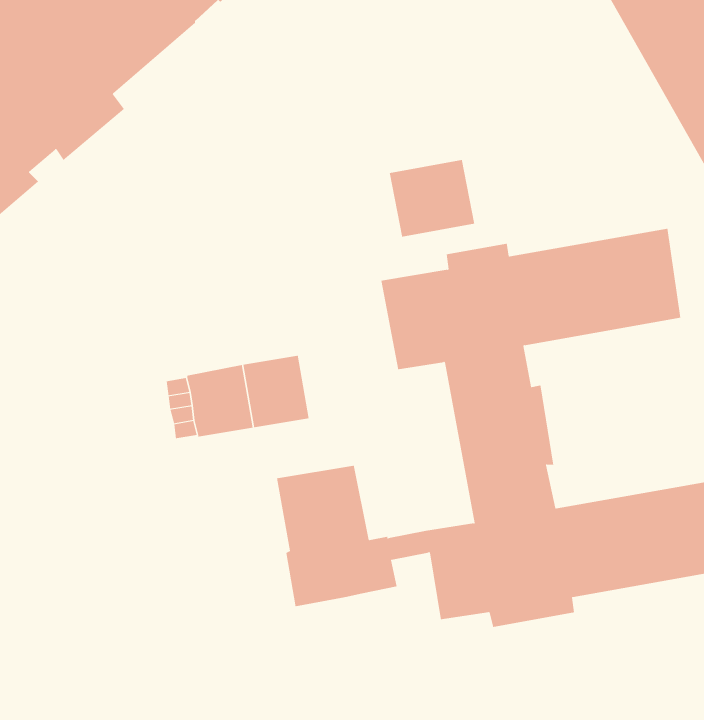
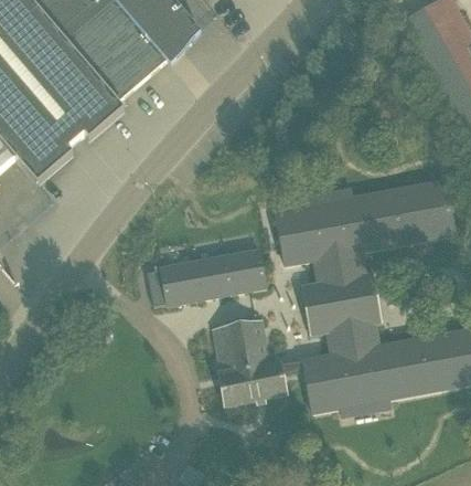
building: [389,159,475,238] -> none
building: none -> [226,250,266,293]

